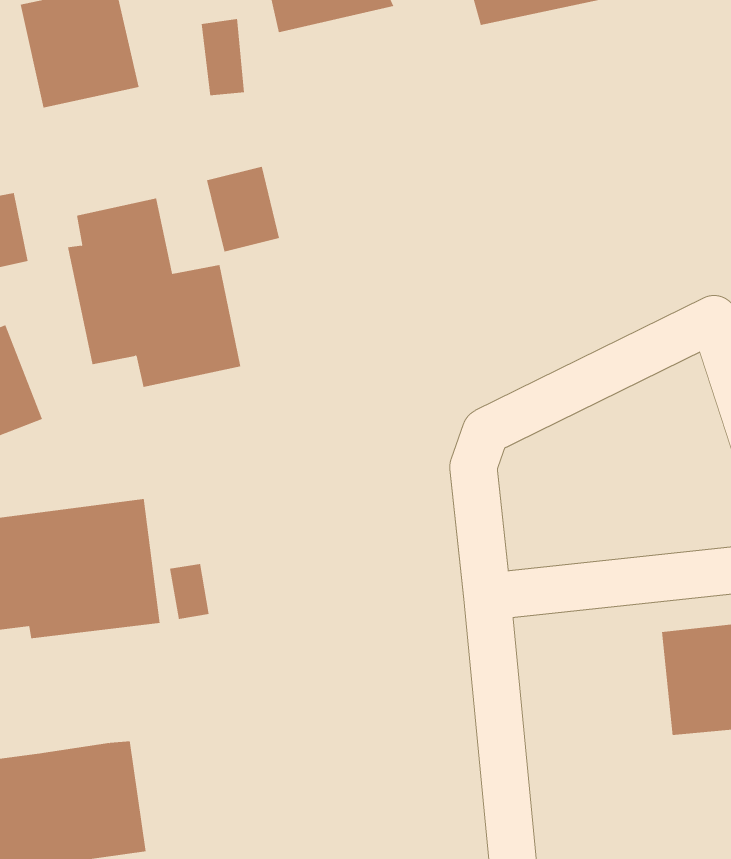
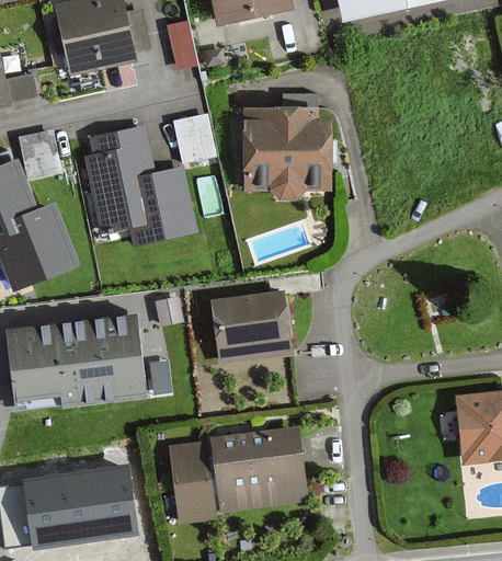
building: none -> [244,110,328,186]
building: none -> [209,290,292,364]
building: none -> [170,430,300,522]

